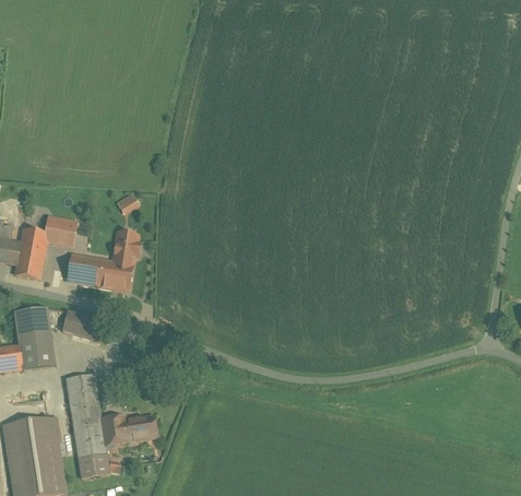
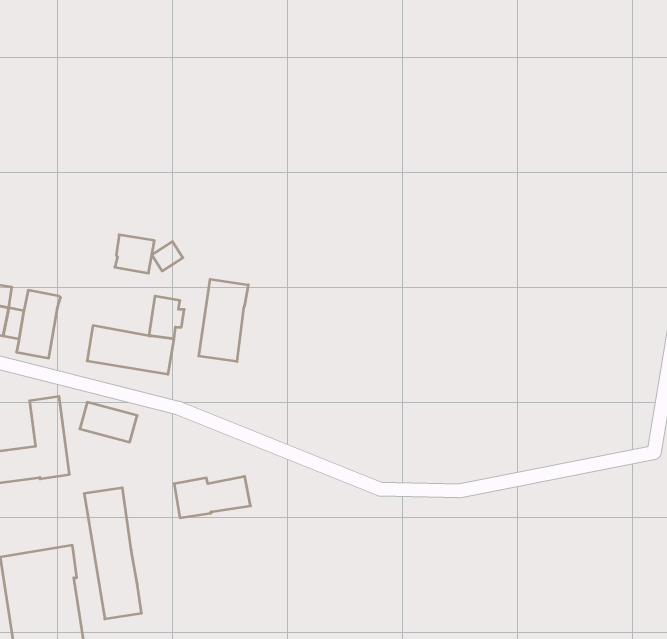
building: [45,216,74,245] -> [115,235,154,273]
building: none -> [199,279,248,362]
building: [99,414,156,445] -> [174,476,251,518]

